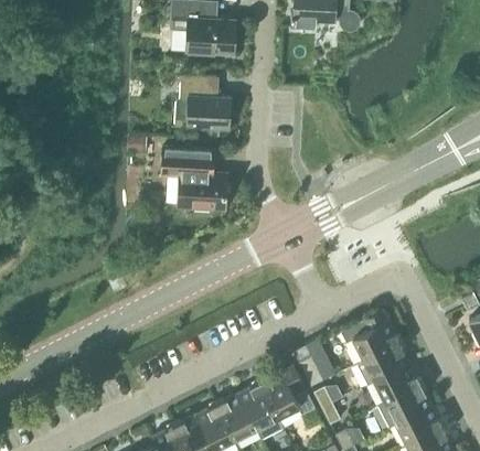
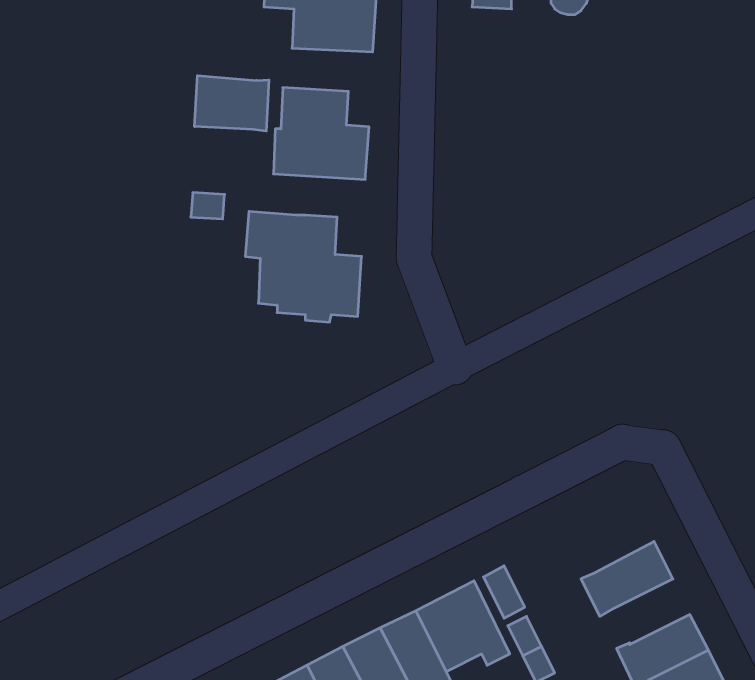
building: none -> [195,76,269,131]
building: [340,310,399,361] -> none
building: [375,364,420,402] -> none

